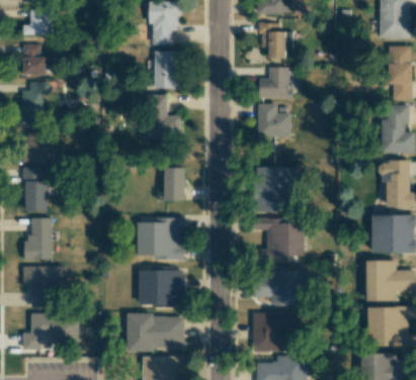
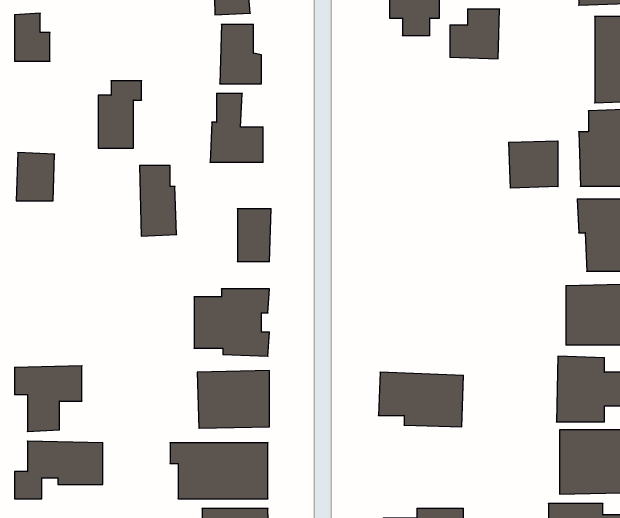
building: [257,67,288,98] -> [450,9,500,59]
building: [21,82,49,124] -> [98,81,142,148]
building: [257,103,290,137] -> none
building: none -> [509,141,558,188]
building: [24,167,48,211] -> [140,166,177,236]
building: [255,167,295,211] -> none
building: [23,218,52,260] -> none
building: [255,218,304,263] -> none
building: [252,312,295,351] -> none

